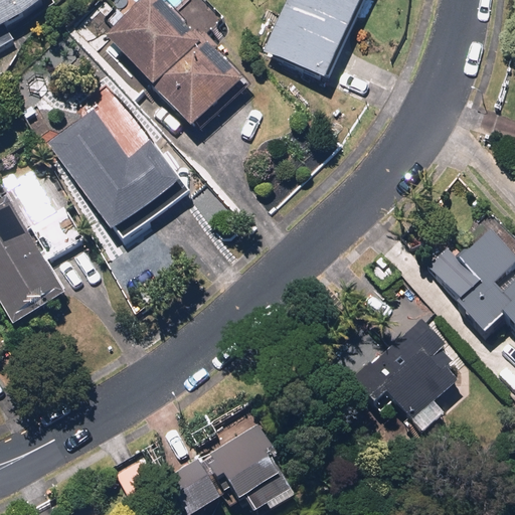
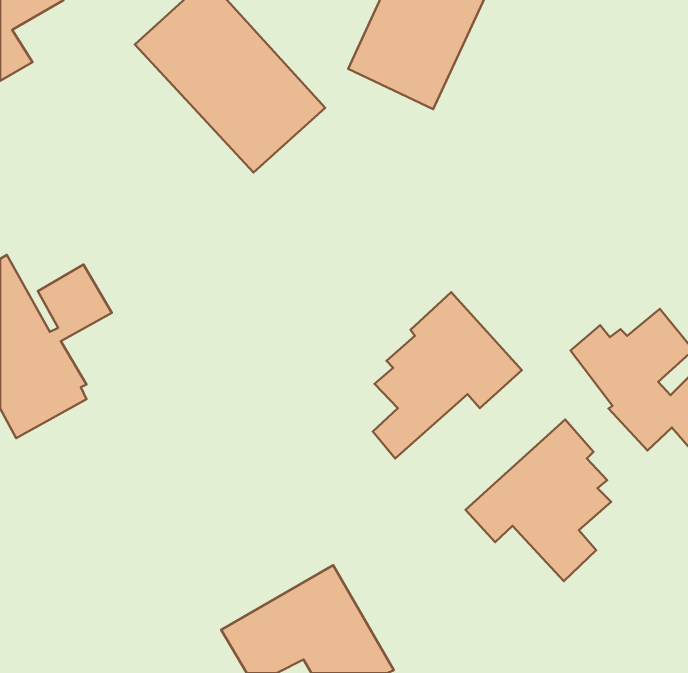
building: [46,87,190,238] -> none
building: none -> [373,292,522,459]

